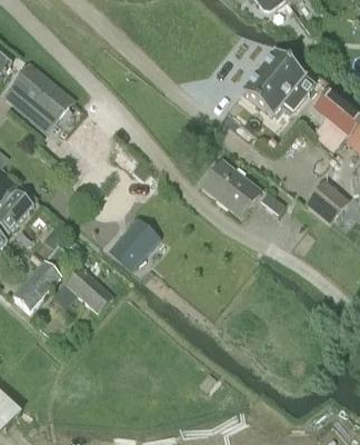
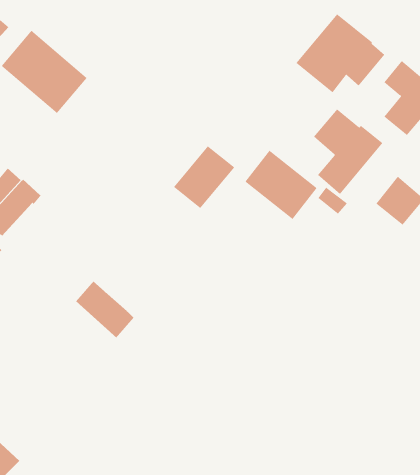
building: none -> [313,109,383,195]
building: [109,218,159,269] -> [173,146,235,209]
building: [13,245,69,310] -> none

